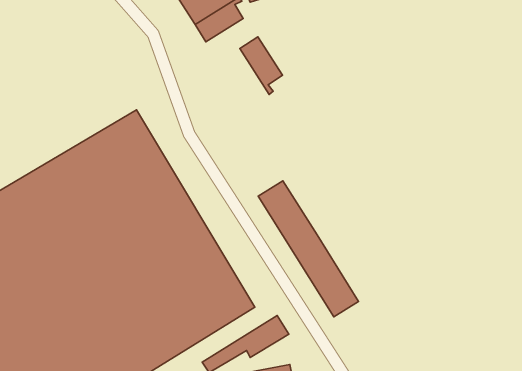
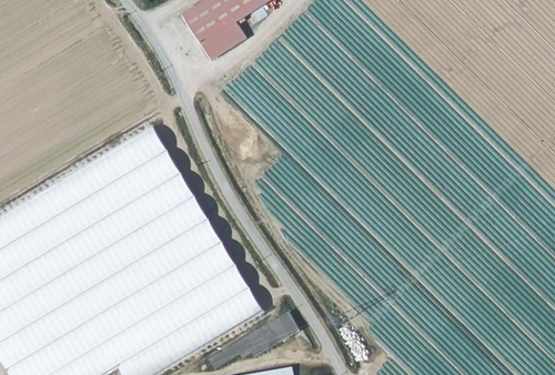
building: [240,37,282,94] -> none
building: [258,181,358,317] -> none

